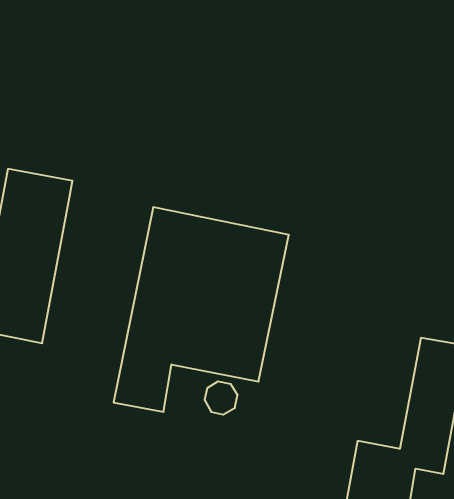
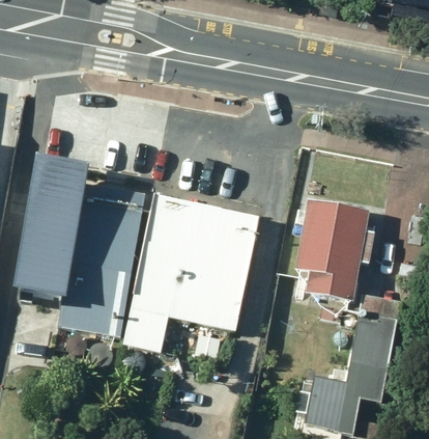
building: none -> [63,183,143,337]
building: none -> [294,198,373,300]

